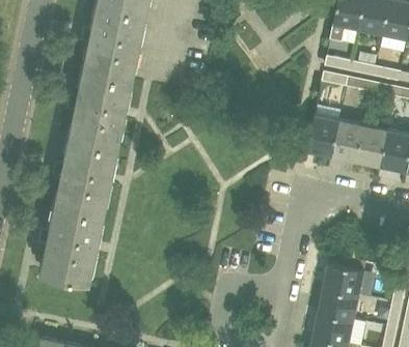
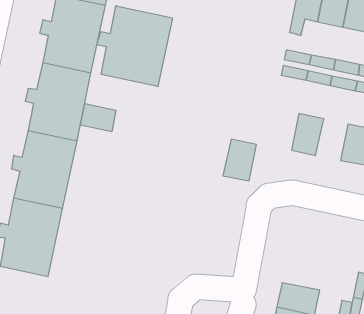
building: none -> [97,6,172,87]
building: none -> [80,104,116,132]
building: [306,115,339,156] -> [223,139,256,181]
building: [356,125,388,167] -> none
building: [323,262,364,295] -> none

